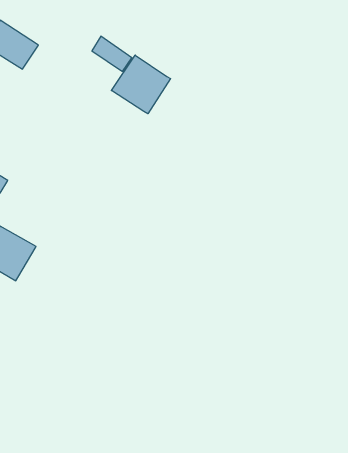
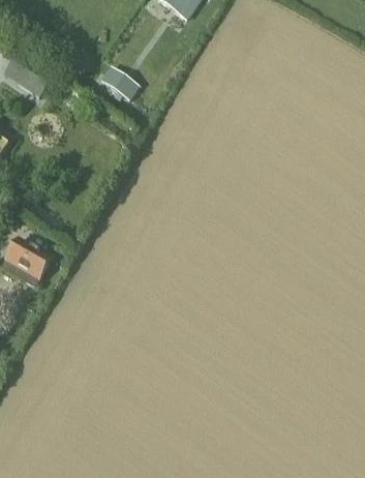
building: [111,55,171,114] -> none

